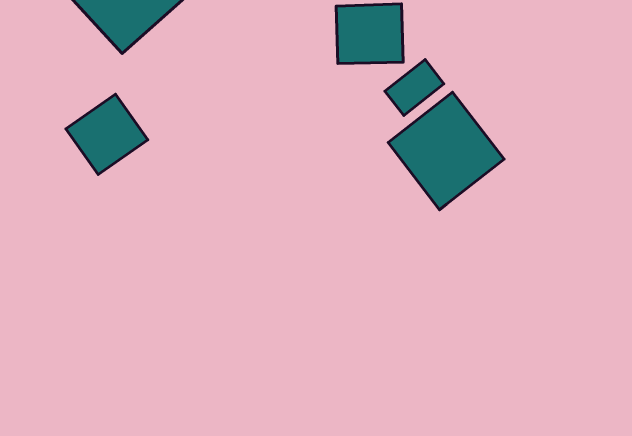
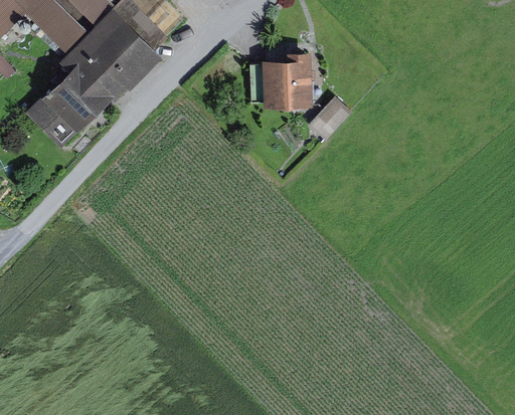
building: [388,92,504,210] -> none
building: [66,94,148,175] -> [30,83,92,144]

